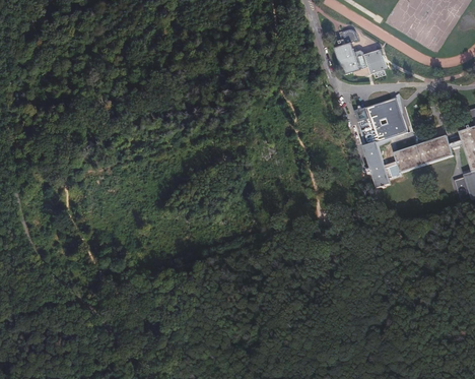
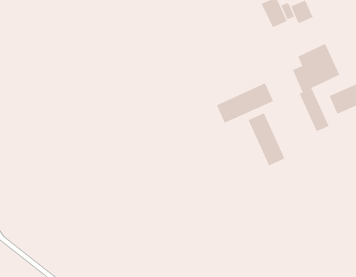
building: none -> [216,83,274,124]
building: none -> [248,113,285,166]

